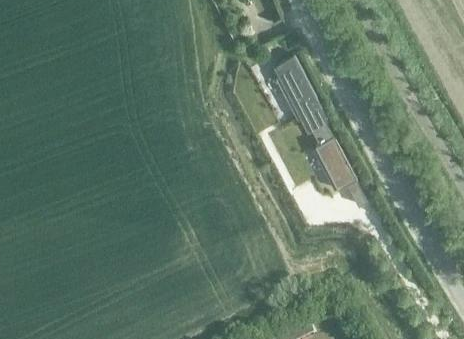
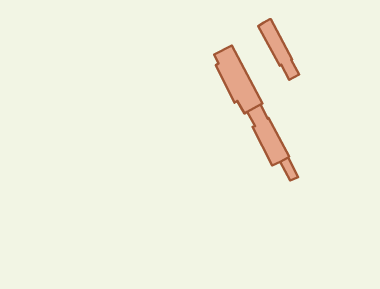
building: none -> [258,19,299,80]

